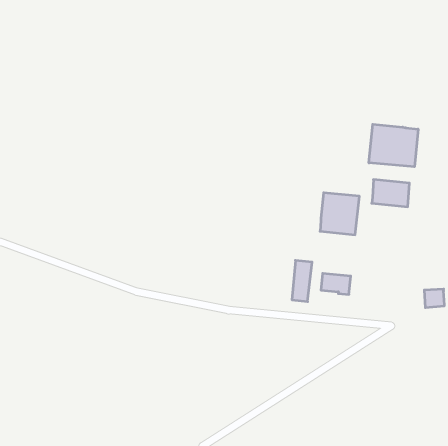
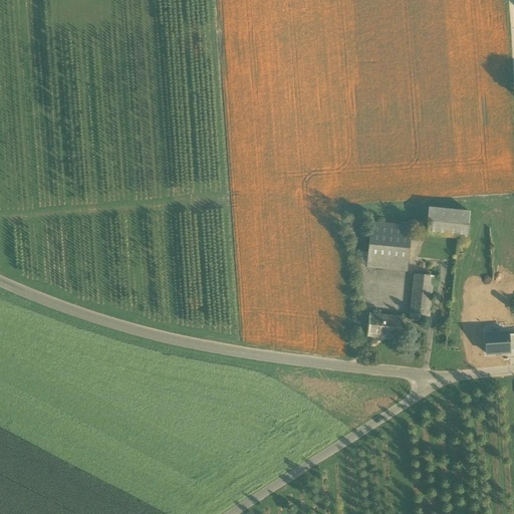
building: [369,124,418,167] -> none
building: [292,260,312,302] -> [410,272,433,319]

